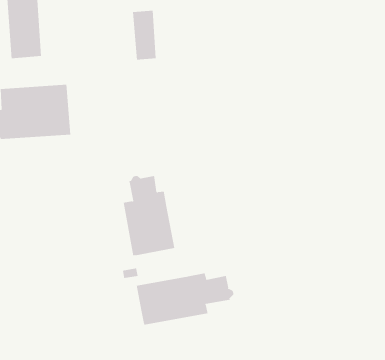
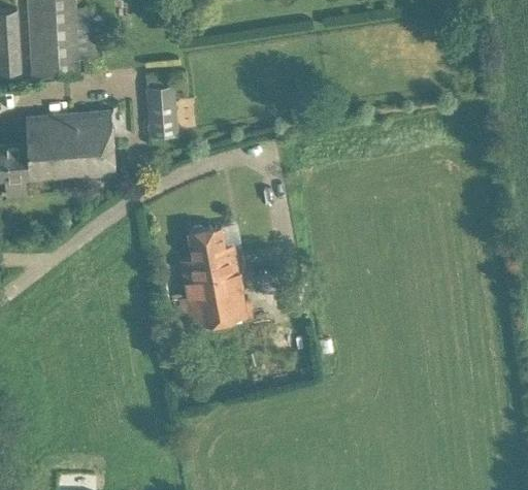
building: [132,10,157,60] -> [144,73,175,136]
building: [136,272,234,326] -> none

